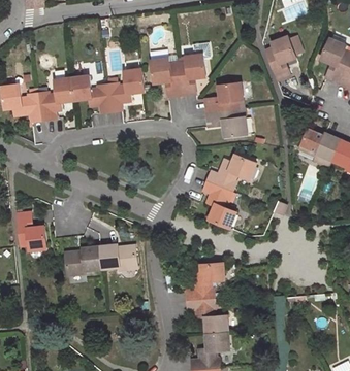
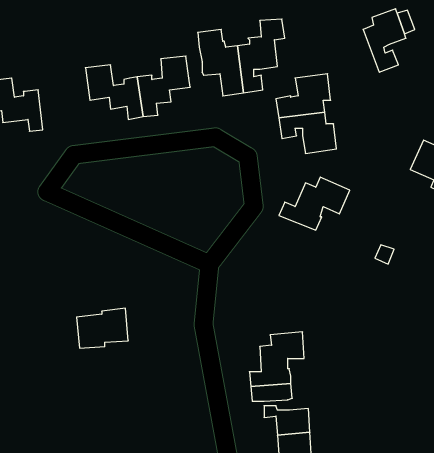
building: [38,77,74,121] -> none
building: [202,180,236,228] -> none
building: [17,212,46,249] -> none
building: [99,244,136,269] -> none

